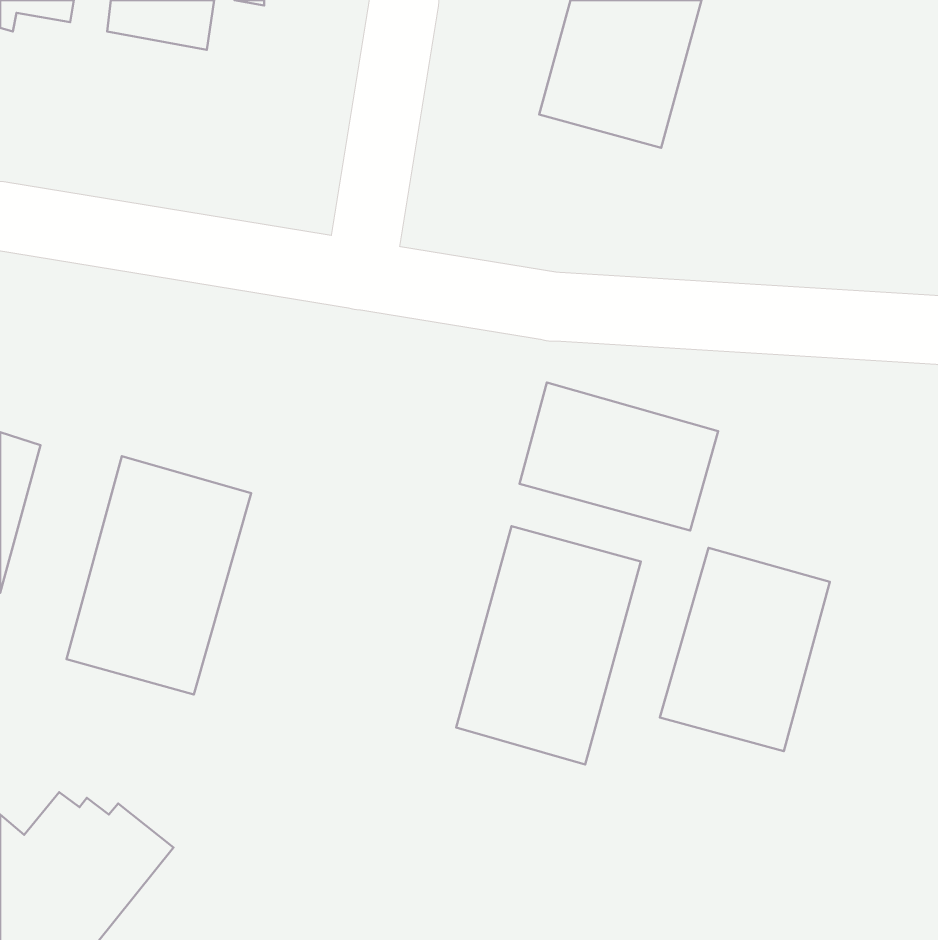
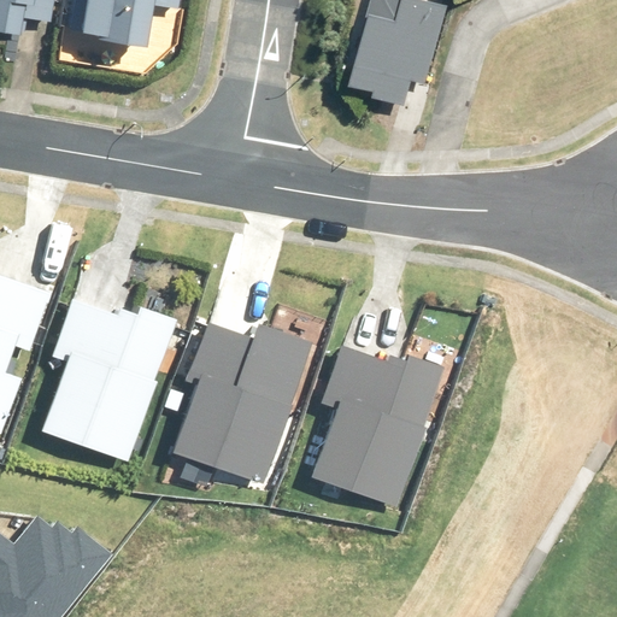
building: [519,383,718,531] -> none
building: none -> [174,324,294,480]
building: [660,548,830,751] -> none

